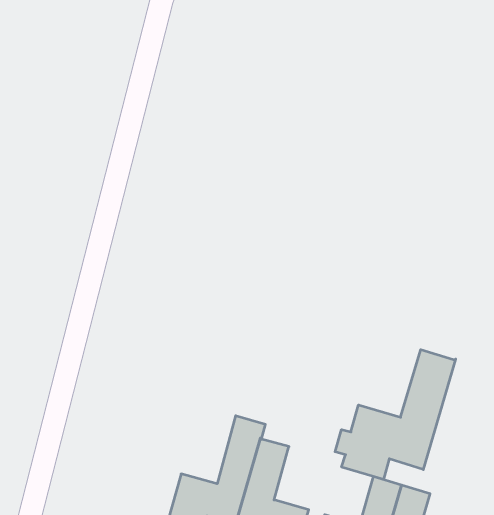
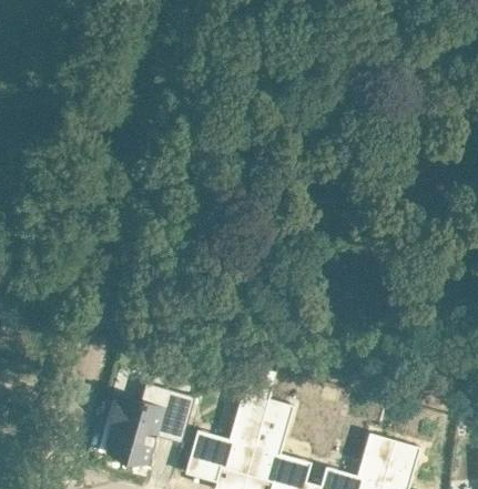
building: [335,350,456,479] -> none
building: none -> [106,393,193,463]

